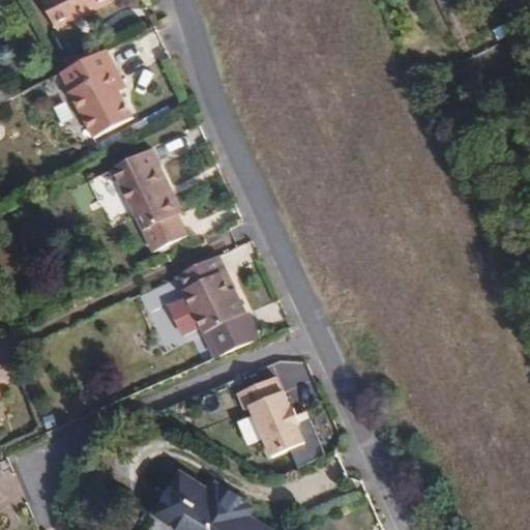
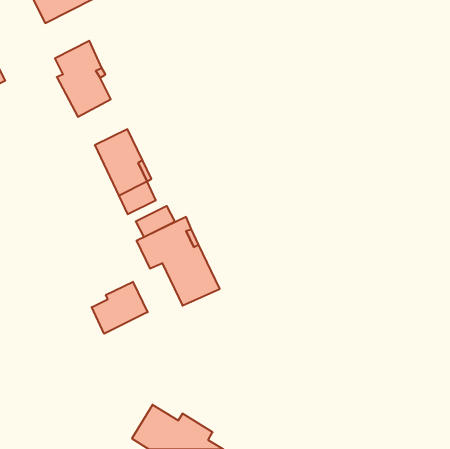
building: none -> [136,206,175,237]
building: none -> [92,282,148,334]
building: [236,377,303,457] -> none

